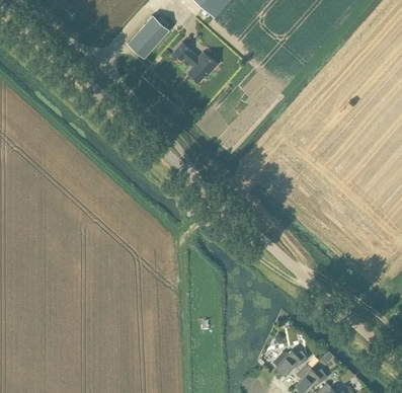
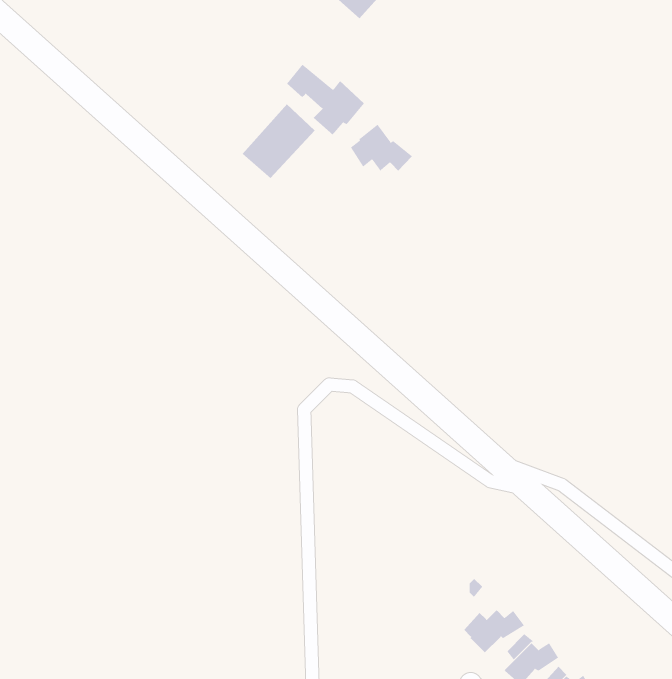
building: [128,15,169,58] -> [242,104,315,179]
building: none -> [350,124,414,172]

